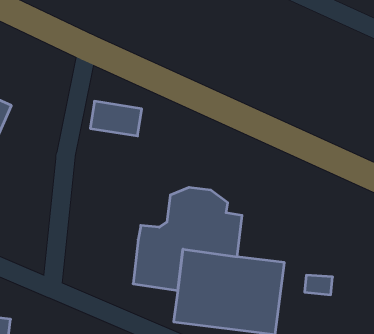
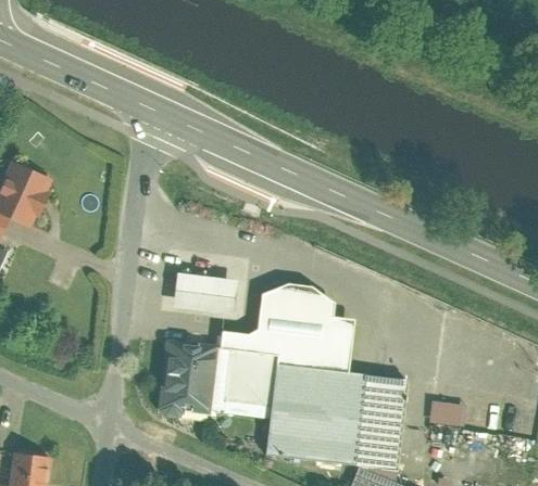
building: [90,101,142,136] -> [168,272,235,317]
building: none -> [151,344,217,425]

